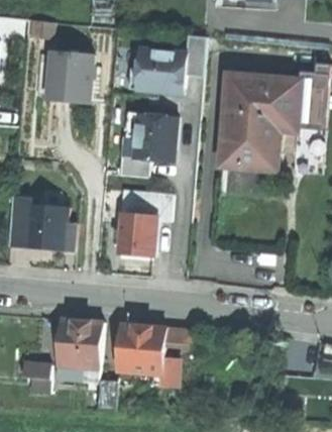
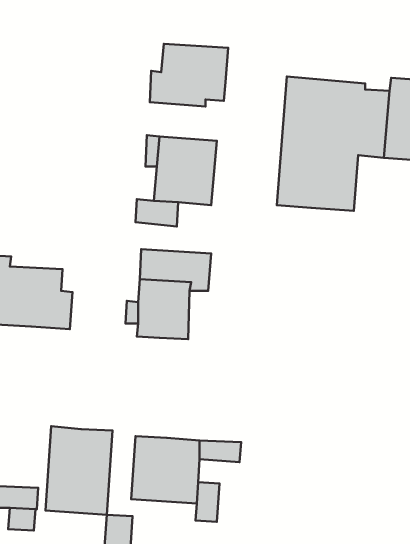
building: [183,35,206,77] -> none
building: [44,50,93,103] -> none

